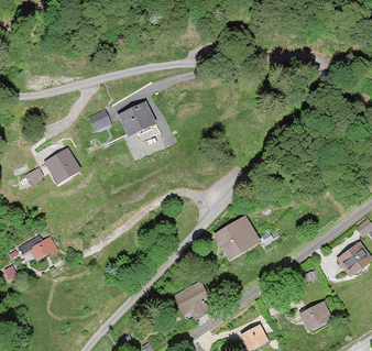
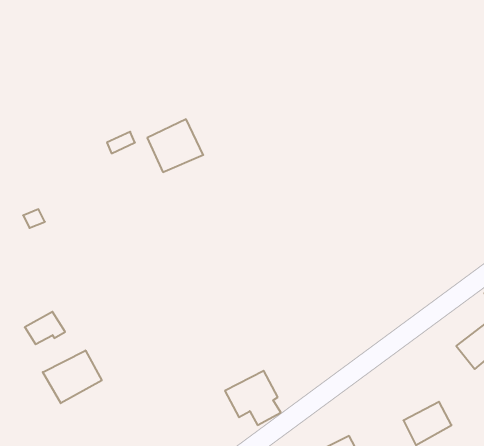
building: [43,147,81,185] -> none
building: [214,216,262,261] -> none
building: none -> [43,350,102,403]

